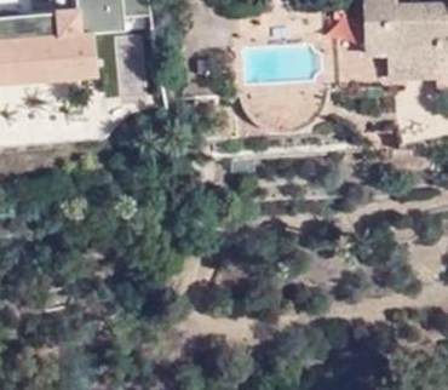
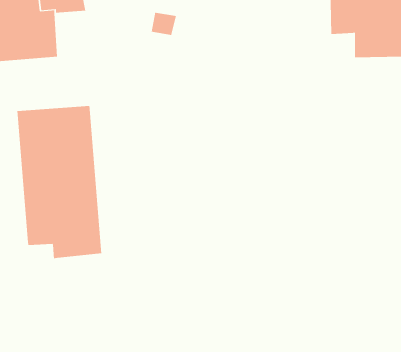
building: none -> [17,105,102,259]

